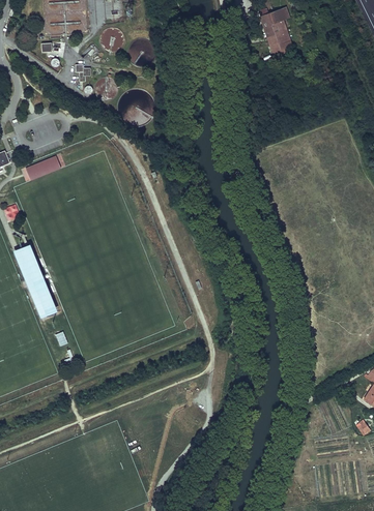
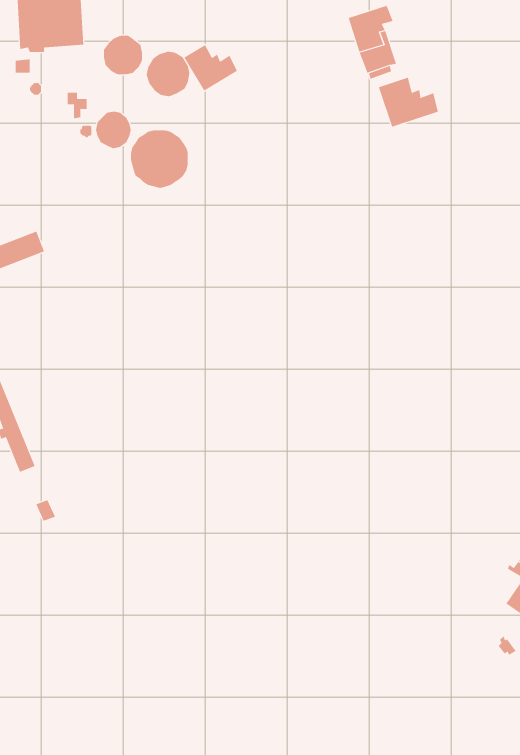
building: none -> [184,44,238,91]
building: none -> [378,77,438,127]

